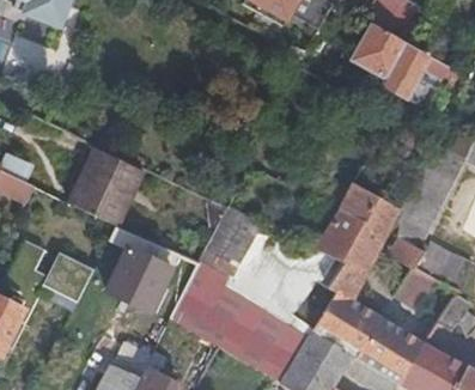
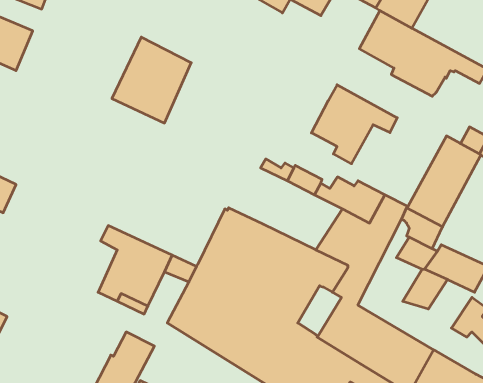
building: none -> [311,85,397,164]
building: [66,145,140,225] -> [112,37,191,123]
building: [42,254,92,304] -> none

